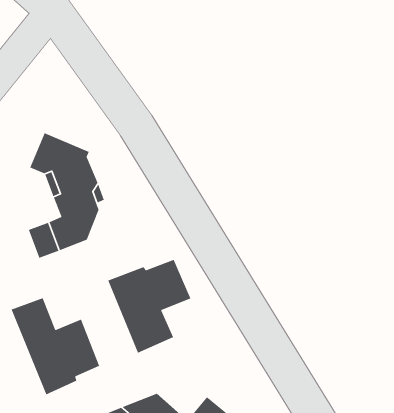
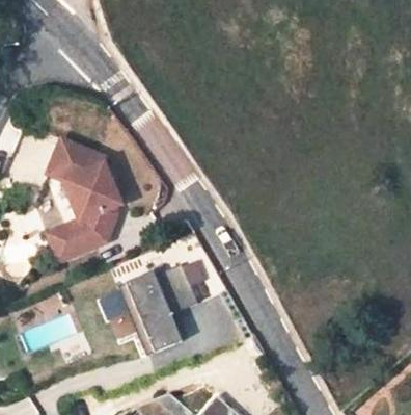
building: [10,297,100,395] -> none

